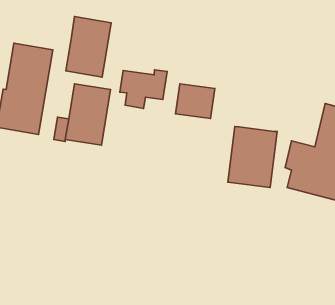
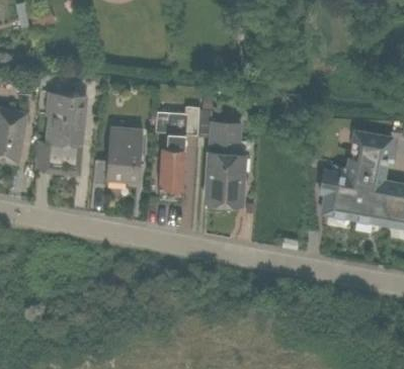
building: [66,17,111,77] -> none
building: none -> [159,148,183,189]
building: [228,127,277,187] -> [203,150,247,206]

